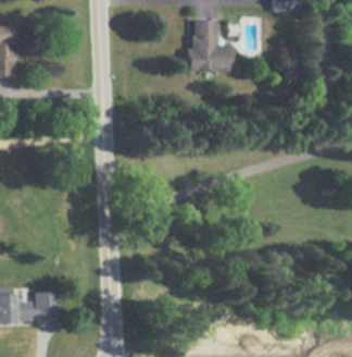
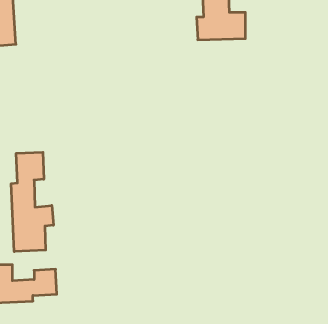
building: none -> [11,152,53,252]

